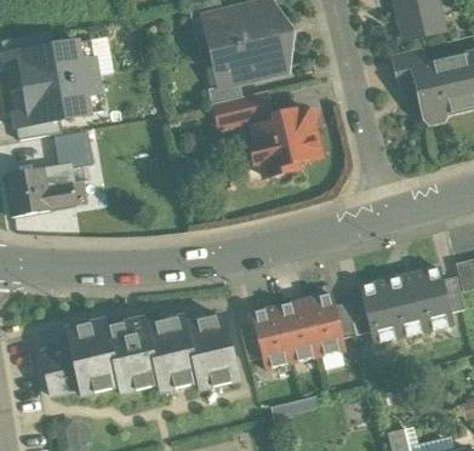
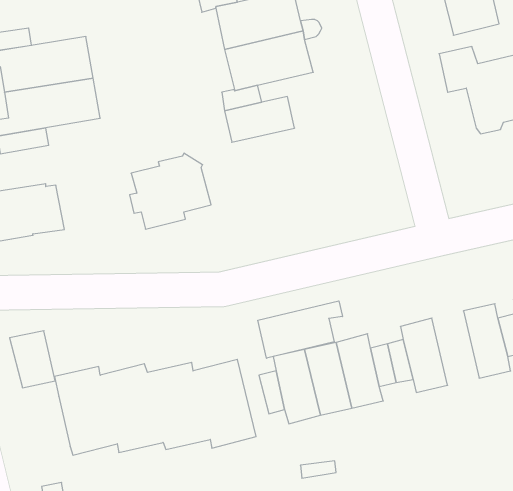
building: [251,110,320,175] -> [130,153,211,229]
building: [56,131,91,167] -> none
building: none -> [258,301,342,358]
building: [387,273,427,336] -> none
building: [41,346,80,394] -> [10,331,55,388]

